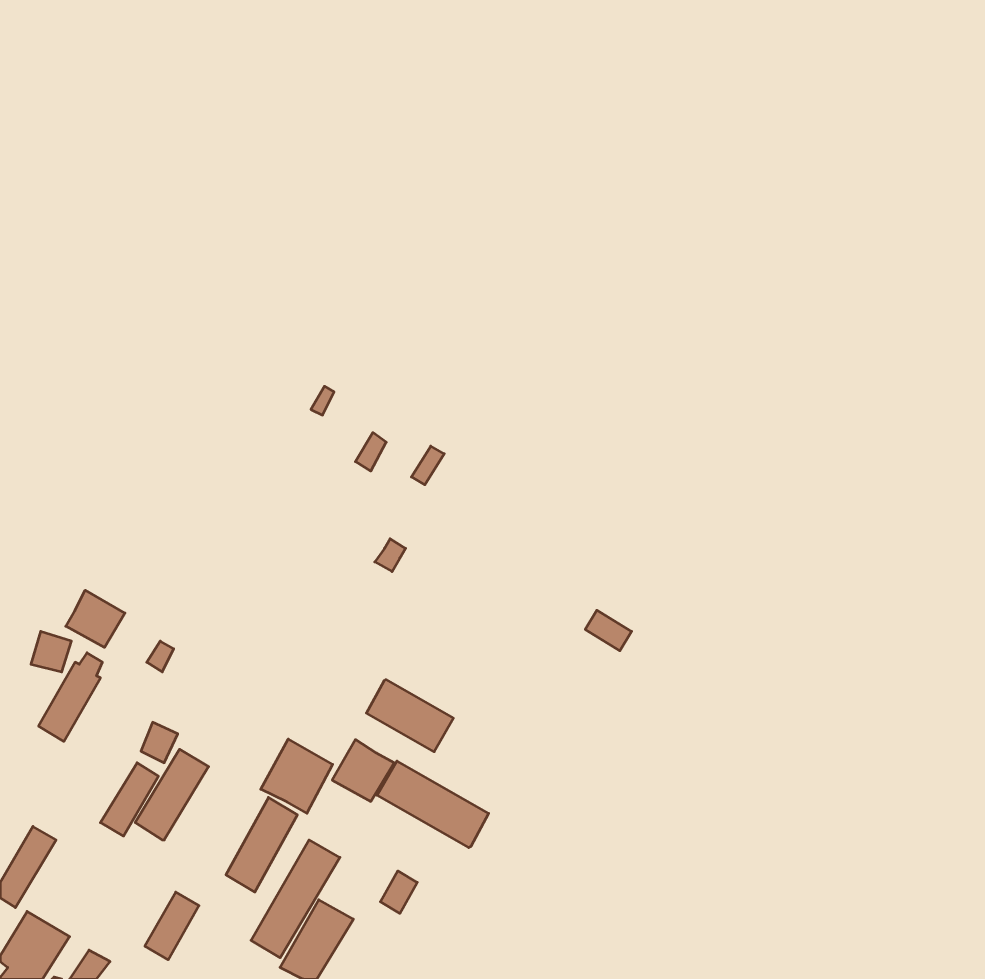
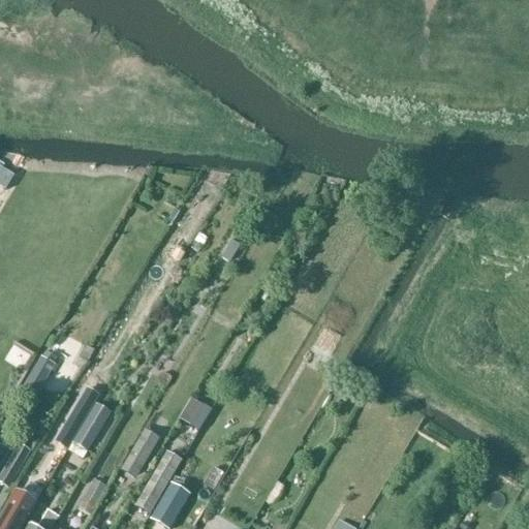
building: [66,590,125,647] -> none
building: [366,680,453,752] -> none
building: [261,739,333,813] -> none
building: [377,761,489,848] -> none

